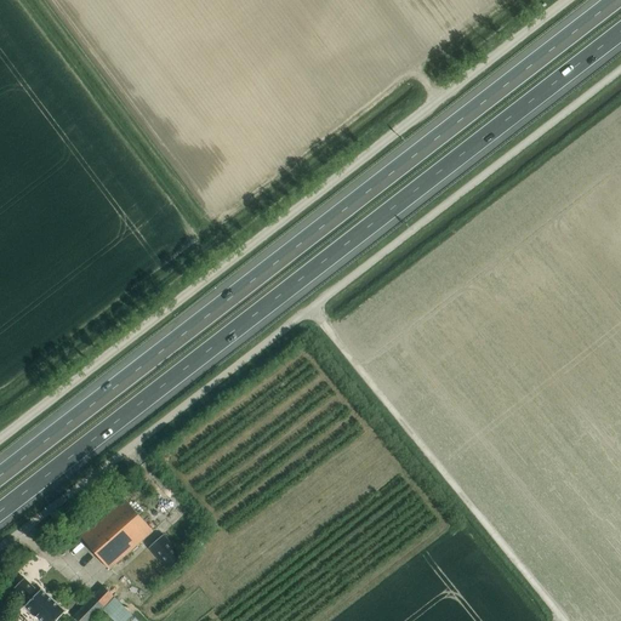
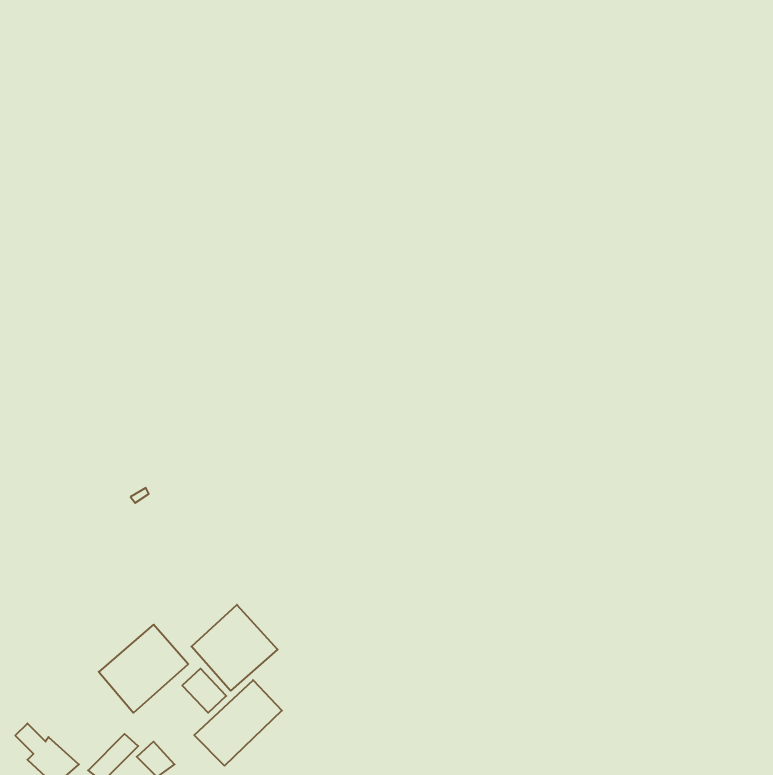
building: none -> [191,605,278,691]
building: none -> [194,680,282,766]

